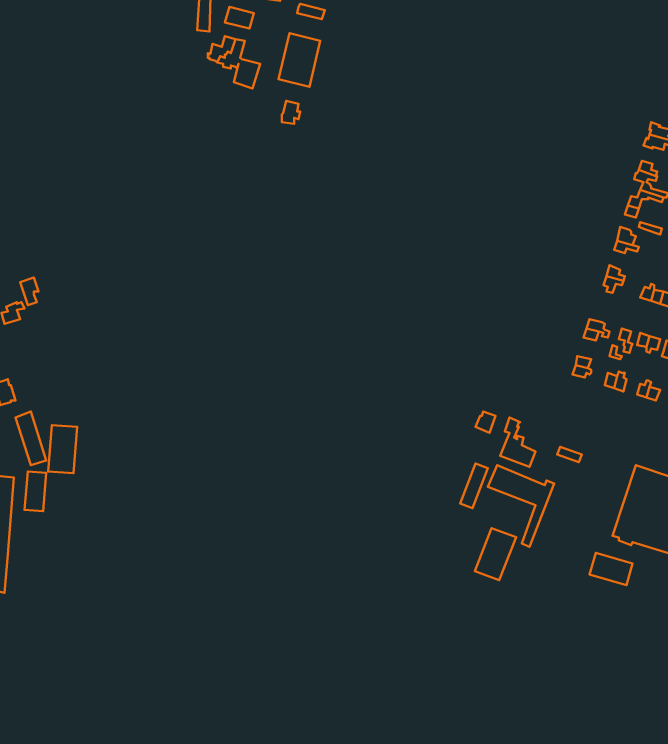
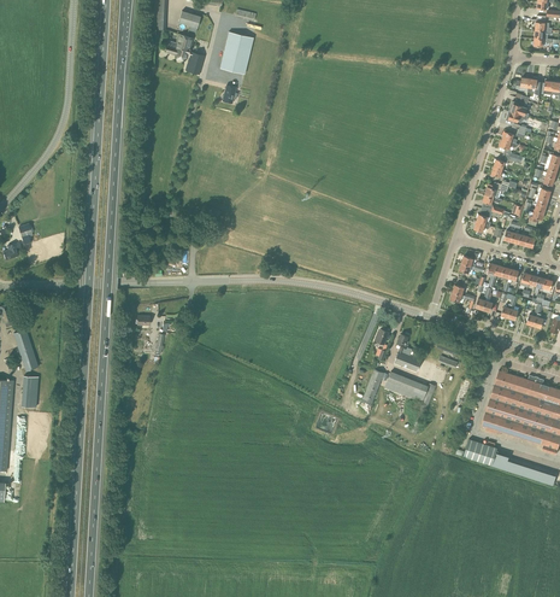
building: [48,425,77,473] -> none
building: [475,528,516,580] -> none

